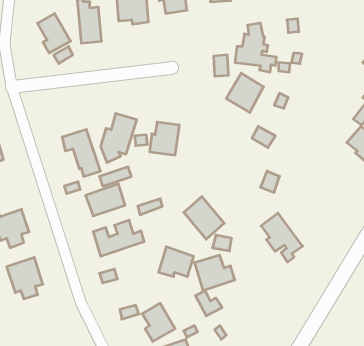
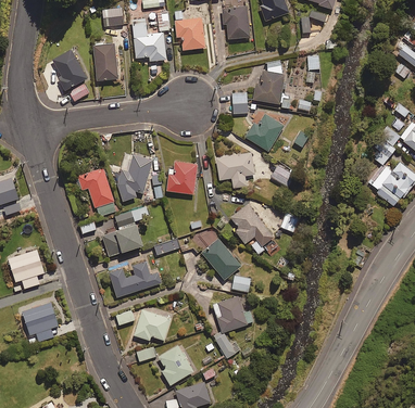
building: none -> [215,152,254,188]
building: [261,213,303,262] -> [230,204,273,254]
building: [159,247,194,277] -> [134,309,169,340]

